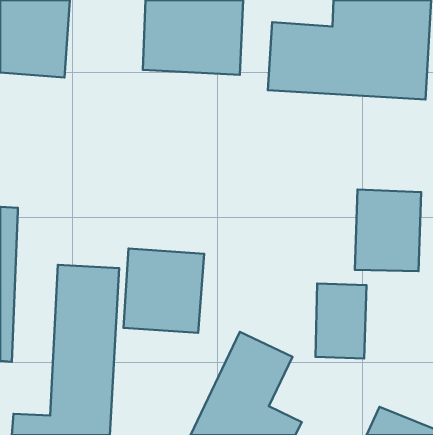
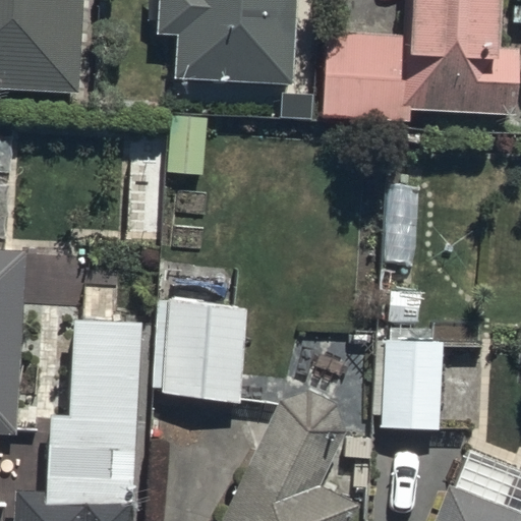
building: [355,190,421,271] -> none

